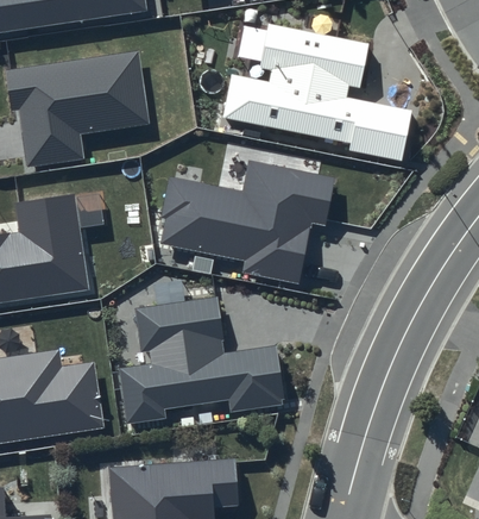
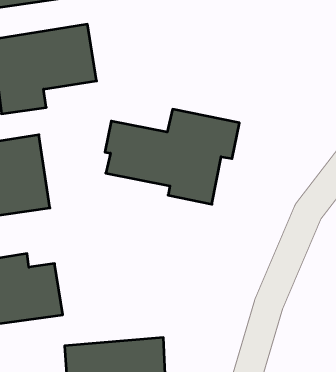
building: [222,24,411,161] -> none
building: [119,296,284,425] -> none

